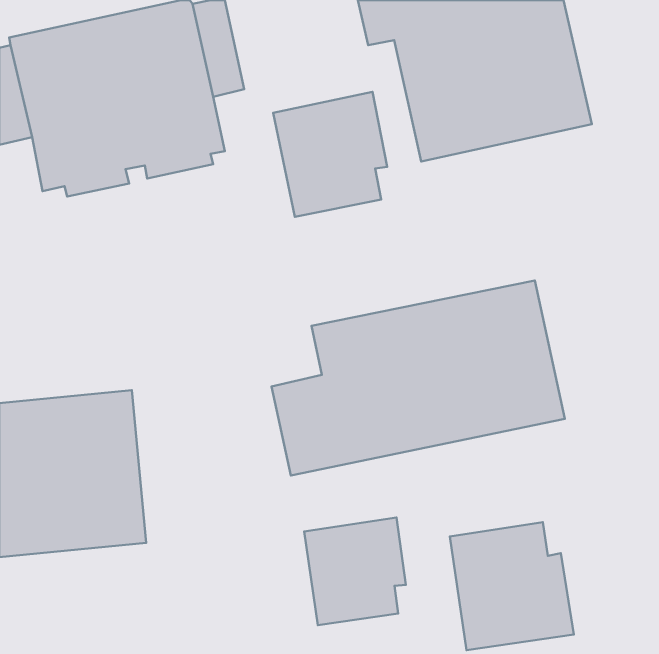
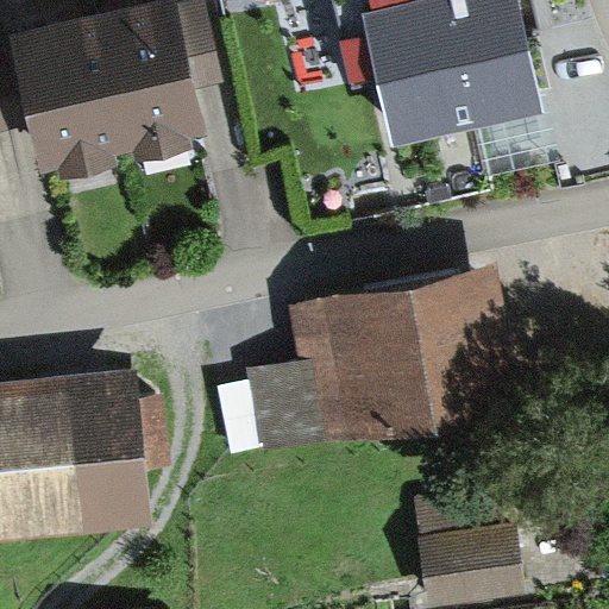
building: [273,92,387,217] -> none
building: [304,518,406,625] -> none

